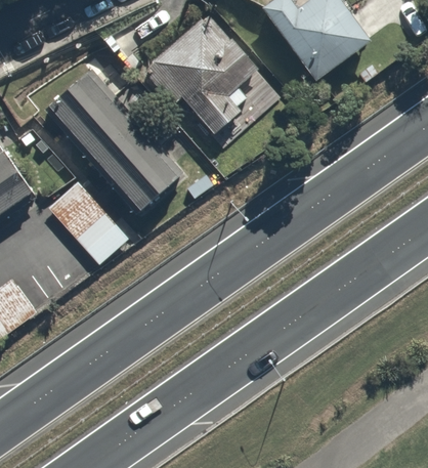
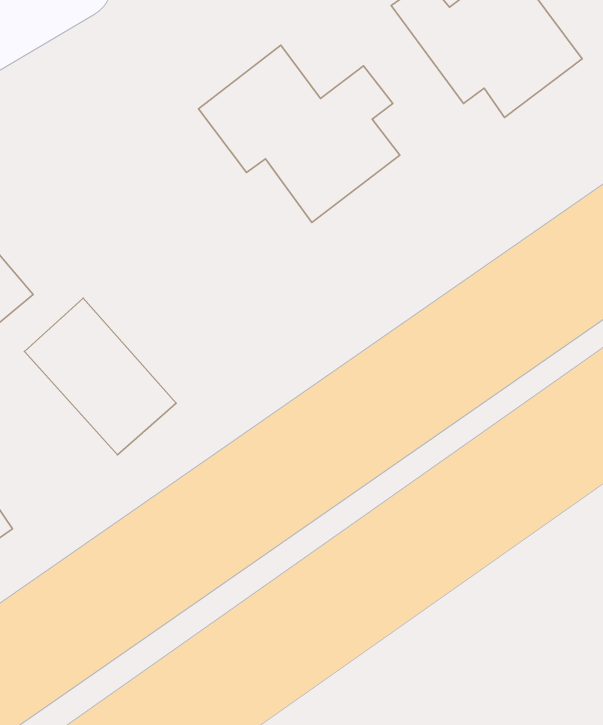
building: [46,67,180,216] -> none

